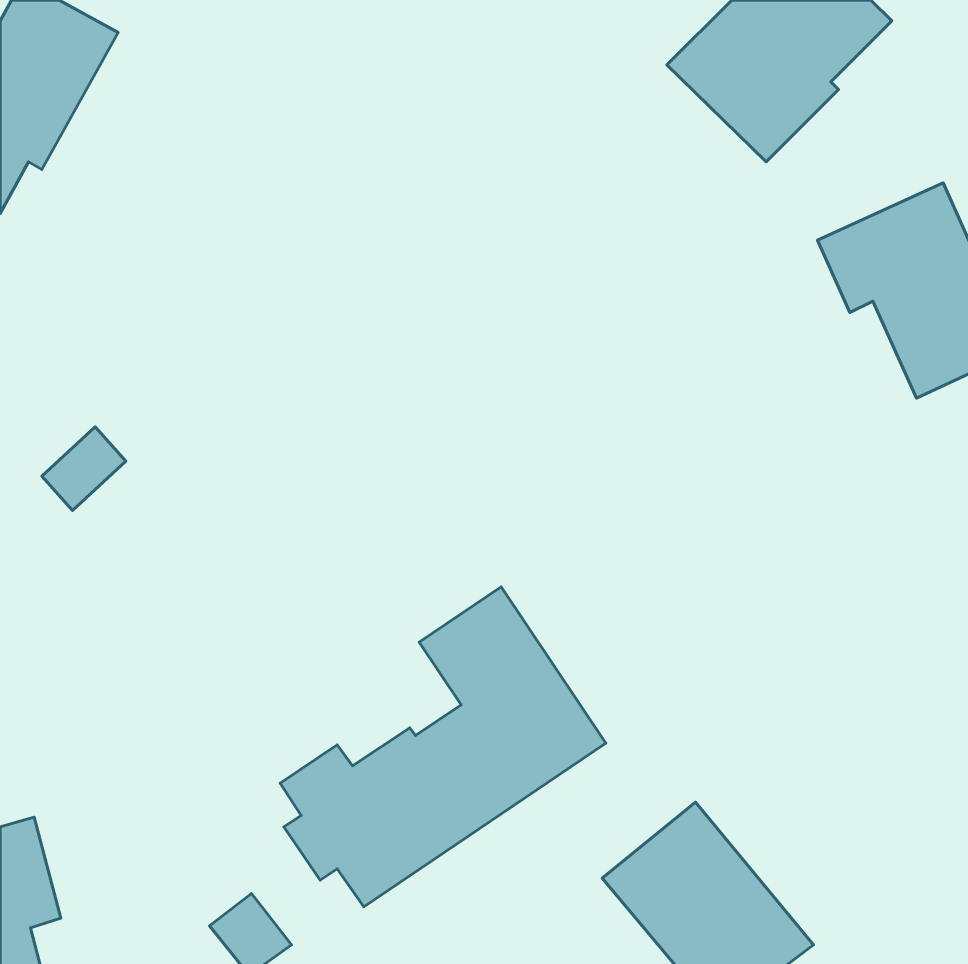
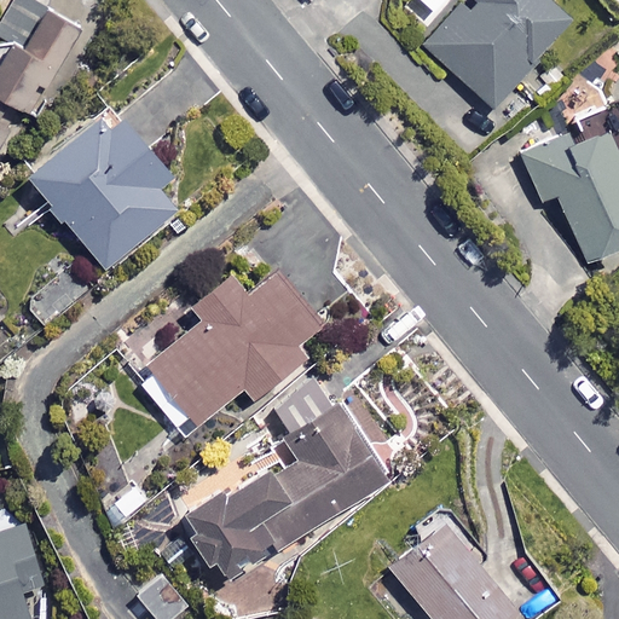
building: none -> [28,115,178,270]
building: none -> [135,268,322,438]

